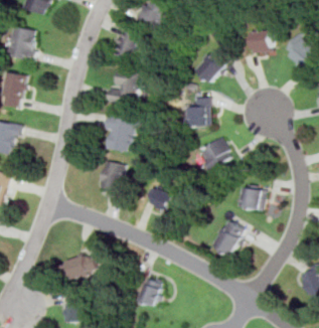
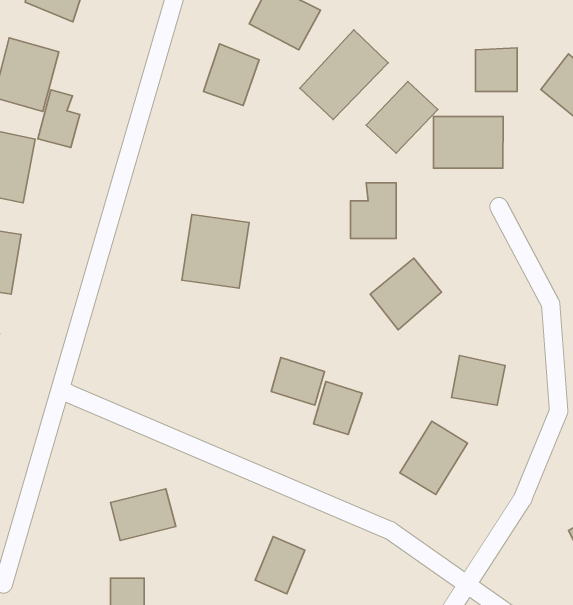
building: none -> [300,30,388,119]
building: none -> [38,90,80,148]
building: none -> [433,117,503,168]
building: [107,68,146,105] -> none
building: [98,161,124,194] -> none
building: none -> [314,382,362,435]

